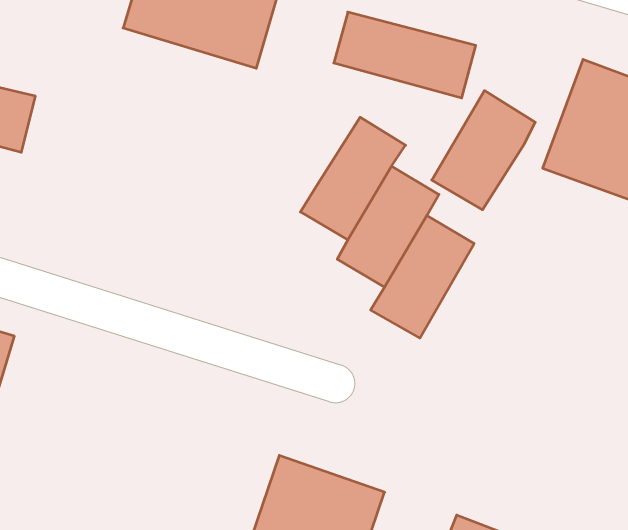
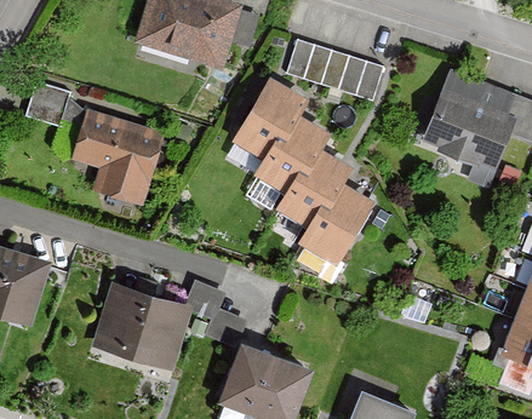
building: [432,91,535,210] -> [231,73,303,155]
building: none -> [74,113,168,210]
building: none -> [91,285,193,378]

